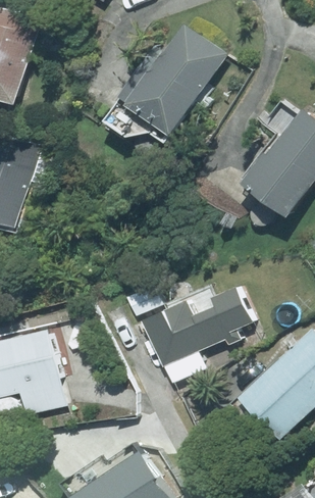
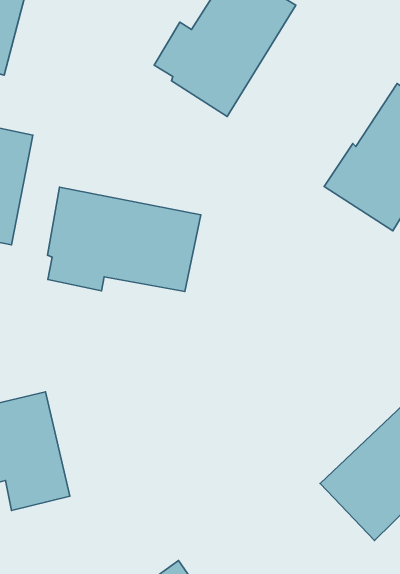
building: none -> [48,187,201,291]
building: [142,285,253,382] -> none

